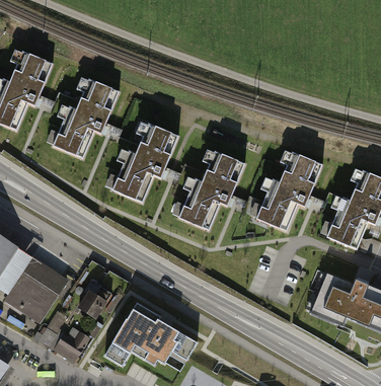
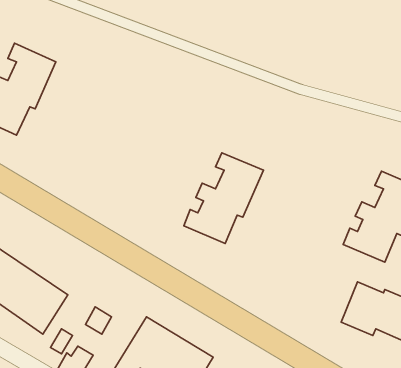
building: [45,76,119,161] -> none
building: [103,120,177,205] -> none
building: [248,150,323,235] -> none

